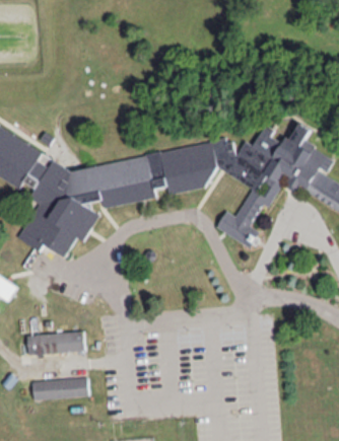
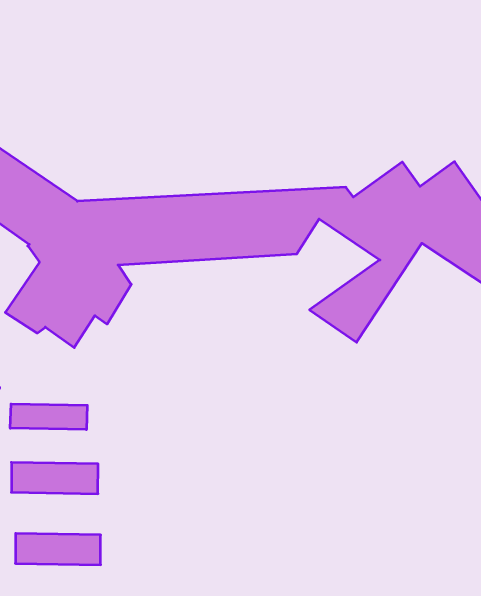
building: none -> [10,404,87,430]

